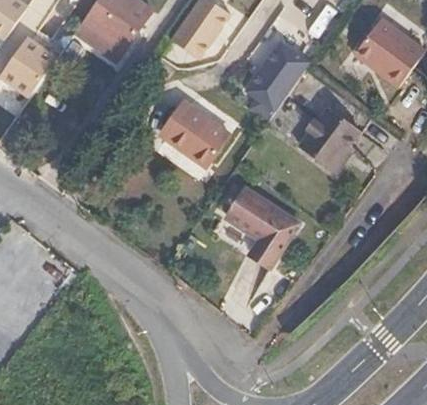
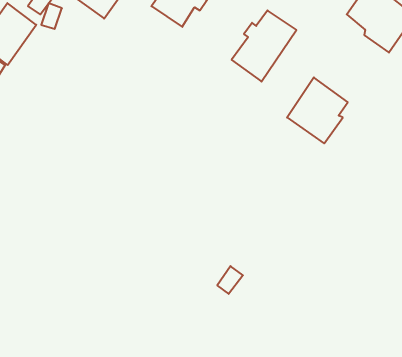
building: [164,103,226,170] -> none
building: [230,187,300,266] -> none

